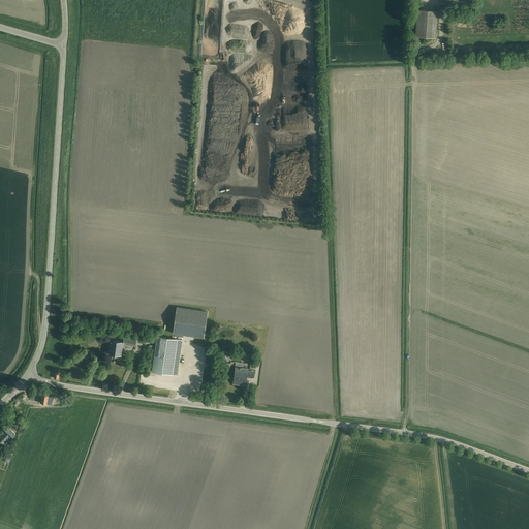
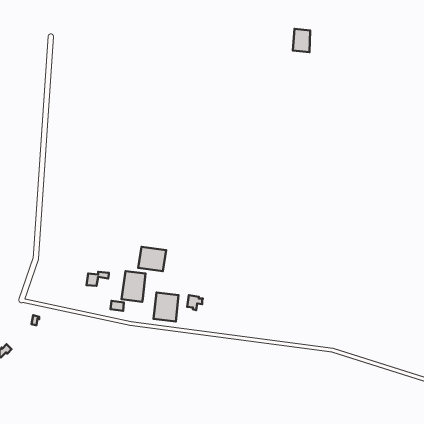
building: [414,10,436,39] -> [293,29,310,52]
building: none -> [154,292,178,322]

